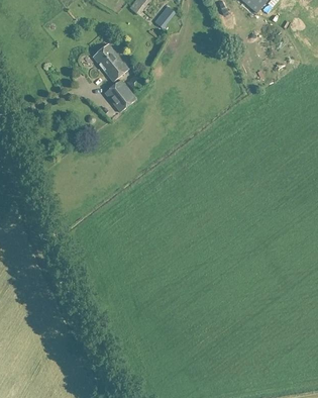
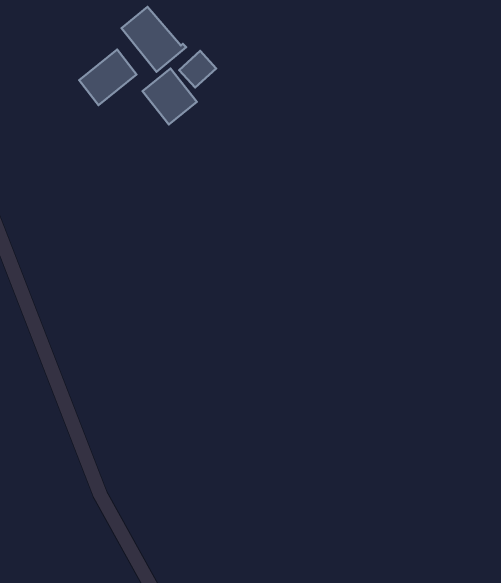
building: none -> [79,50,137,105]

